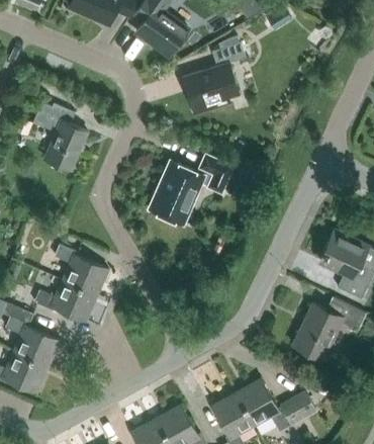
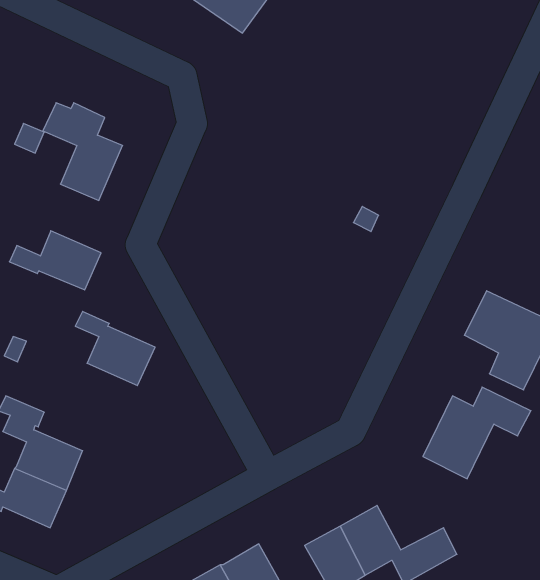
building: [183,42,246,114] -> none
building: [149,155,232,225] -> none
building: [34,281,97,322] -> [9,231,101,290]

